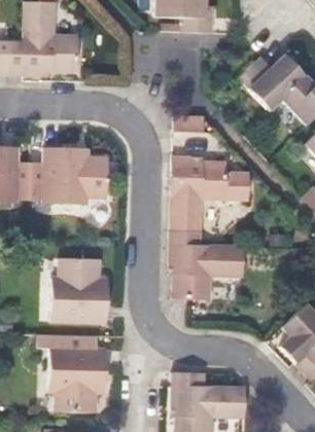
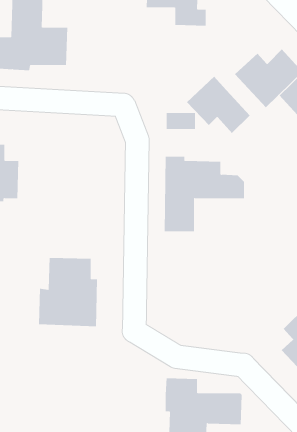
building: none -> [186,76,251,134]
building: [30,147,108,204] -> none
building: [170,230,243,300] -> none
building: [39,334,104,411] -> none

